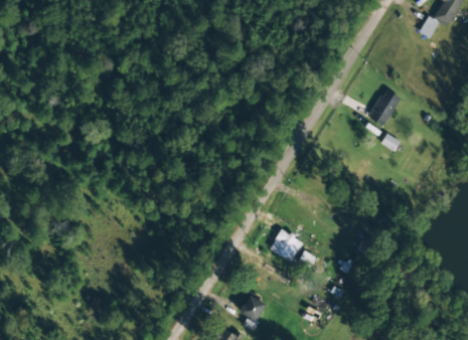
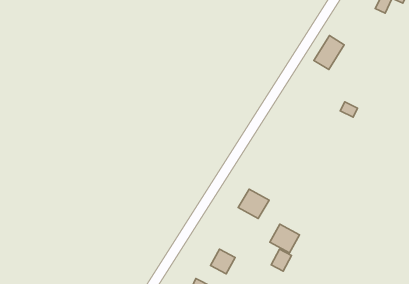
building: [368,89,402,126] -> [314,36,344,70]
building: none -> [270,224,300,253]

